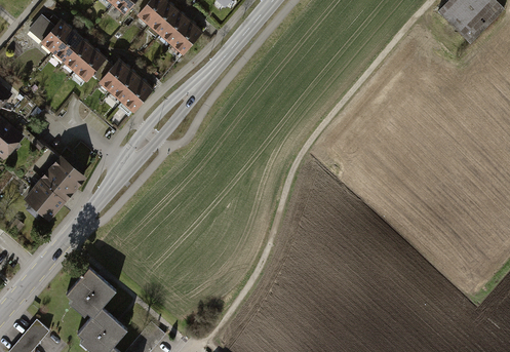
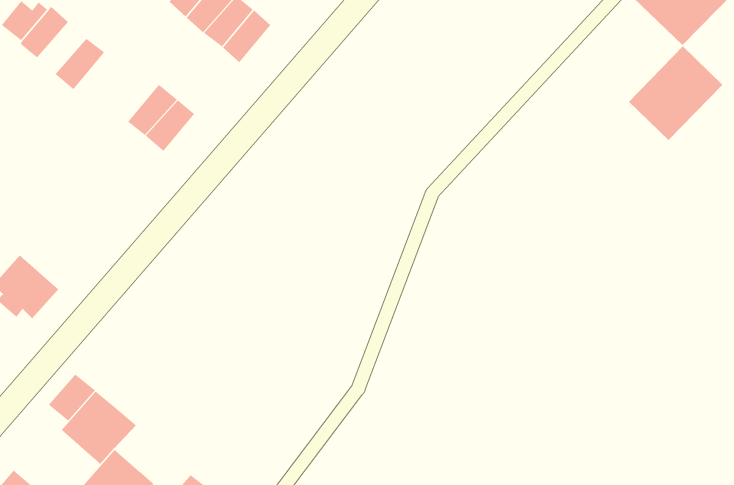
building: [50,29,82,63] -> none
building: none -> [628,46,723,141]
building: [74,48,106,82] -> none
building: [96,58,129,93] -> none
building: [39,155,85,202] -> none
building: none -> [48,373,96,422]

